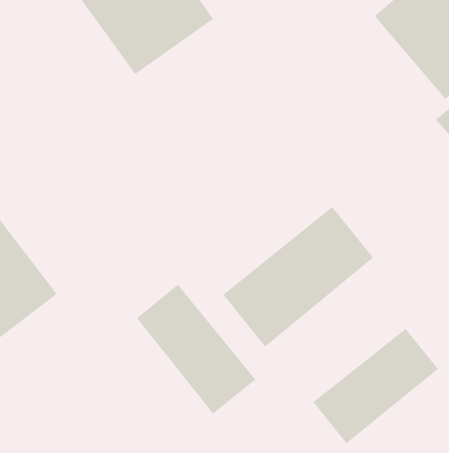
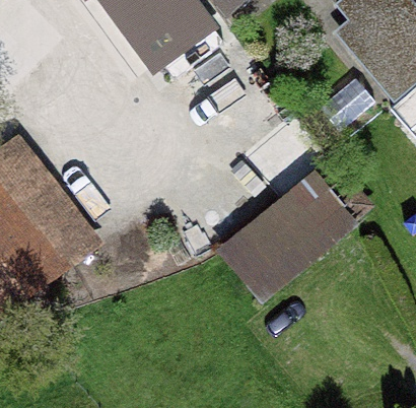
building: [136,284,256,415] -> none
building: [312,328,439,444] -> none

